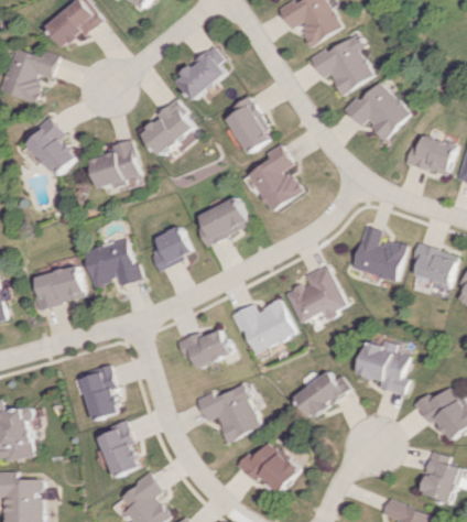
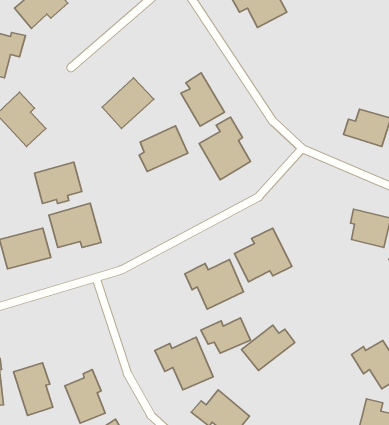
building: [311,32,374,95] -> none
building: [175,46,227,100] -> none
building: [343,81,410,140] -> none
building: [89,143,141,188] -> [34,162,82,204]
building: [195,197,248,247] -> [139,126,188,171]
building: [351,226,404,281] -> none
building: [149,227,191,271] -> none
building: [177,329,231,368] -> [201,318,250,353]
building: [355,340,406,395] -> none
building: [79,365,122,422] -> [13,363,53,415]

